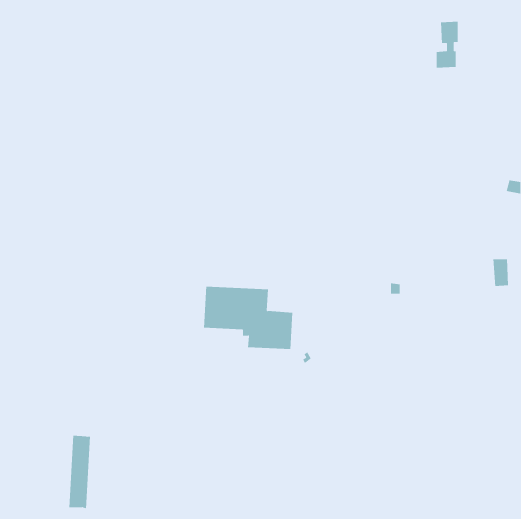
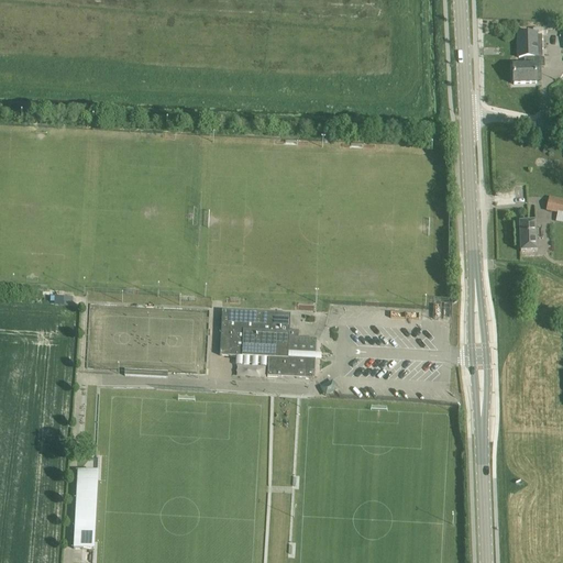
building: [436,21,458,68] -> [512,31,537,81]
building: [492,259,509,287] -> [518,220,536,250]

